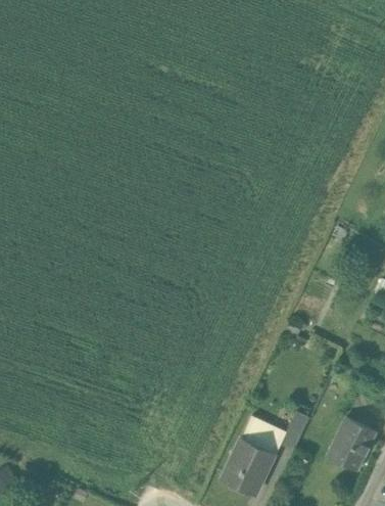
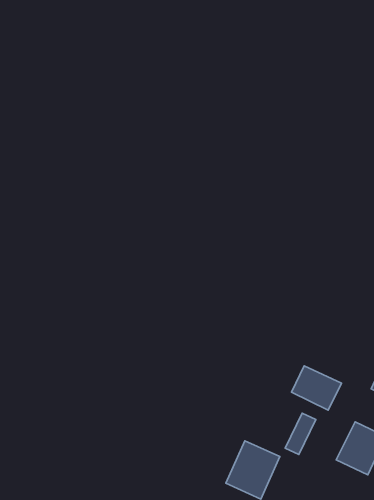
building: none -> [292,366,342,410]

